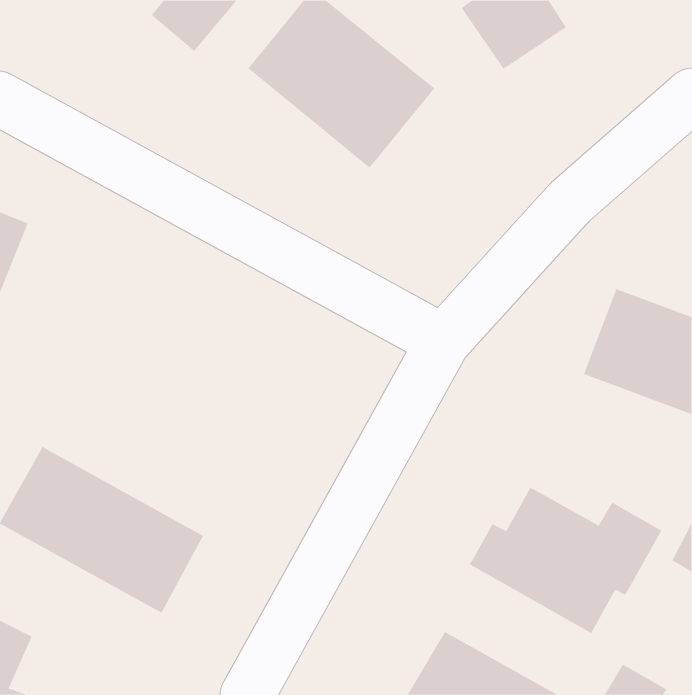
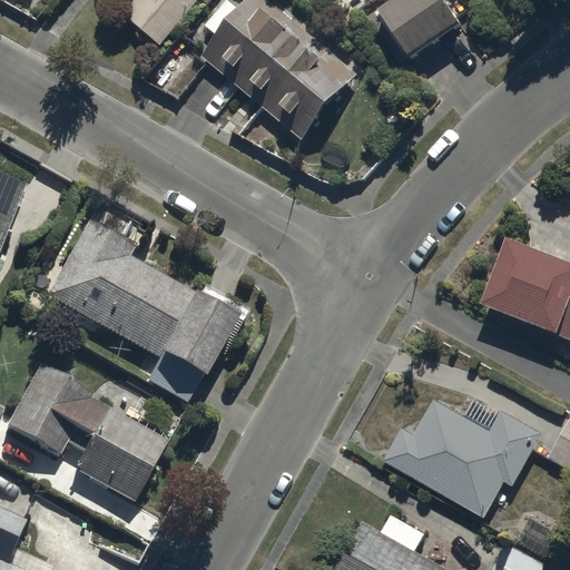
building: none -> [47,222,240,404]

